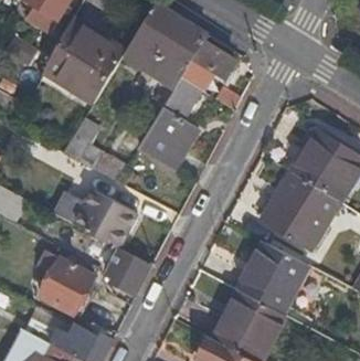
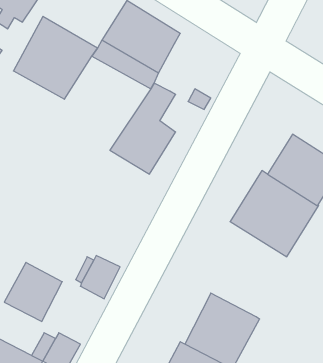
building: [181,45,235,92] -> none
building: [60,118,127,181] -> none
building: [52,188,135,246] -> none
building: [236,241,306,311] -> none

